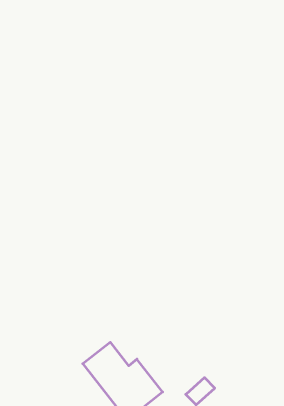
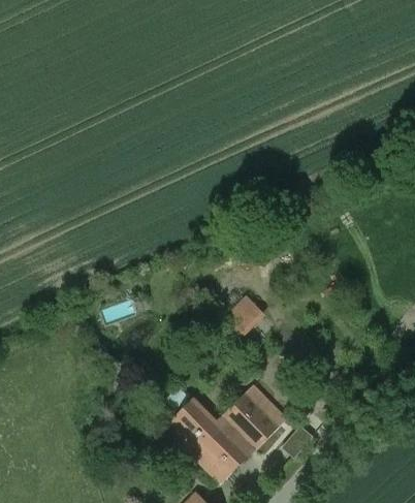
building: none -> [228,296,264,333]
building: none -> [225,391,279,446]

